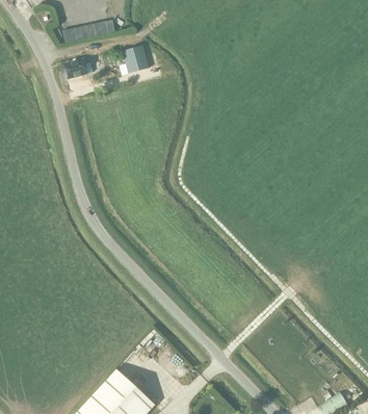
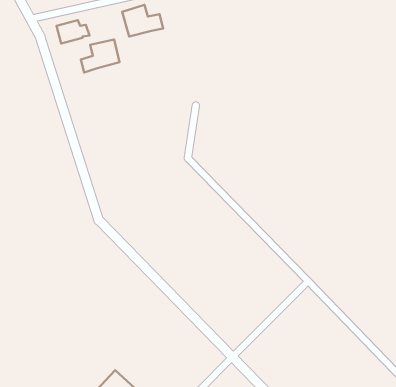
building: none -> [81,40,120,72]

